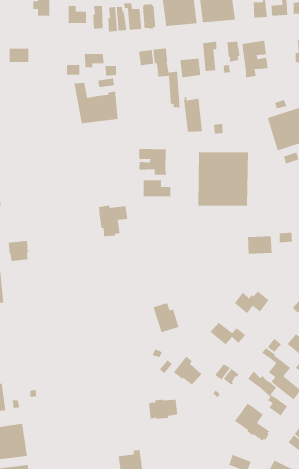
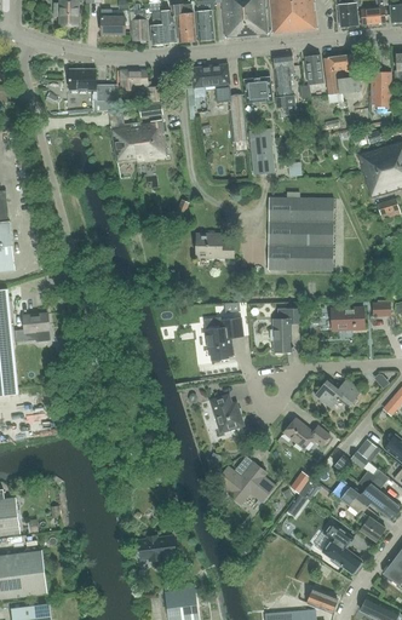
building: [9,48,29,63] -> [69,69,96,88]
building: none -> [372,71,391,105]
building: [138,148,167,175] -> none
building: [98,204,128,237] -> [205,316,243,358]
building: none -> [270,308,302,351]
building: [148,399,178,419] -> [138,534,177,561]

